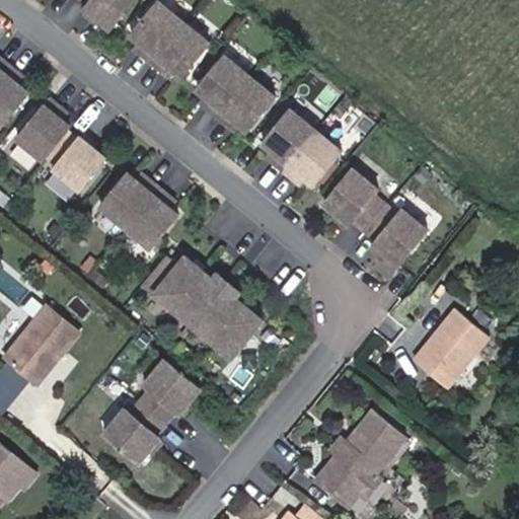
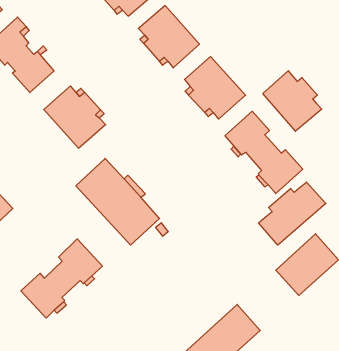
building: none -> [263,71,322,131]
building: none -> [259,182,326,245]

